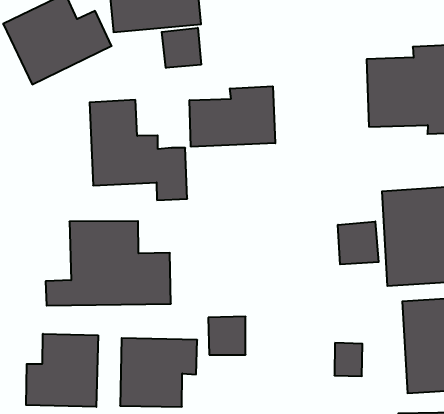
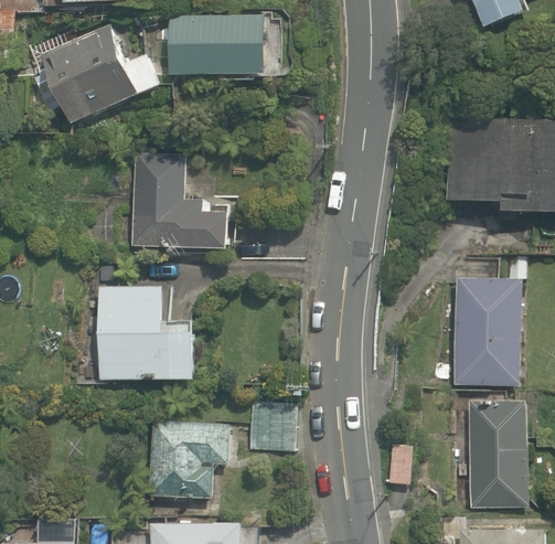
building: [162,28,201,68] -> none
building: [190,86,275,147] -> none
building: [338,221,379,264] -> none
building: [26,334,98,407] -> none

